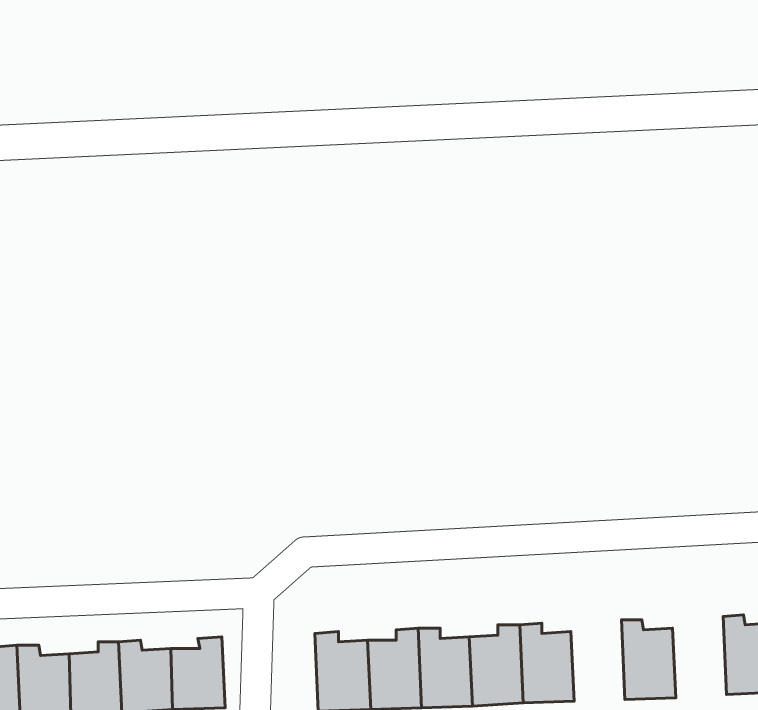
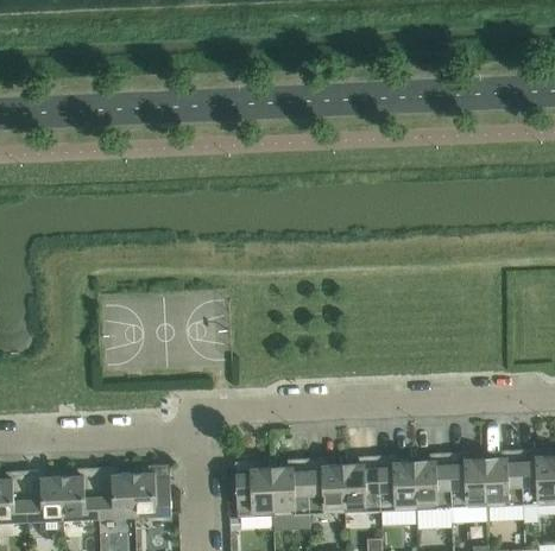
building: none -> [486,451,524,508]
building: none -> [415,454,453,511]

